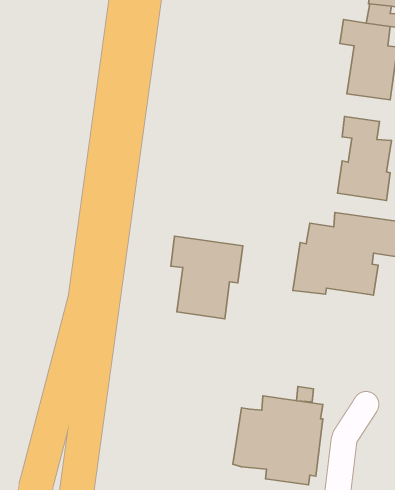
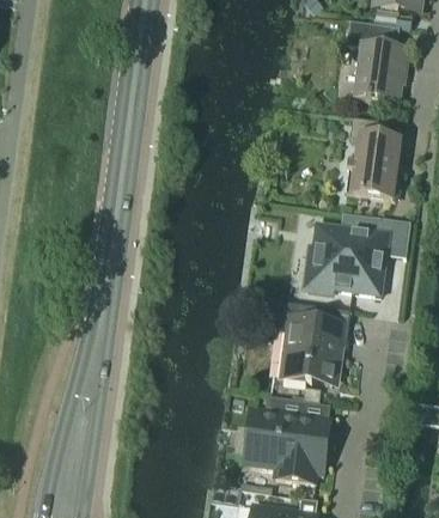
building: [171,236,243,319] -> [279,301,350,384]

